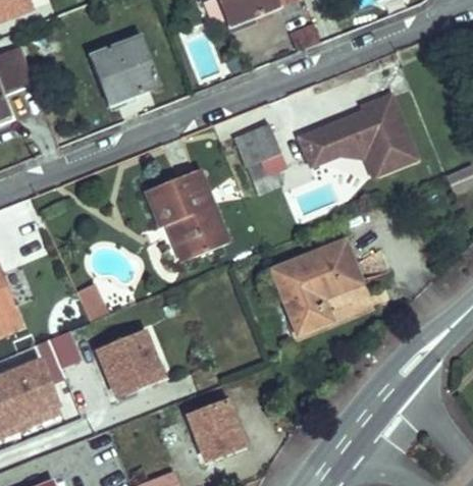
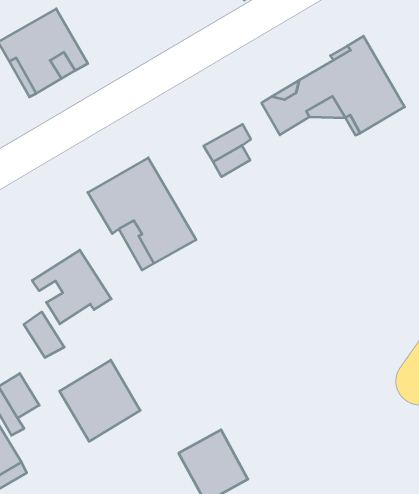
building: [234,123,280,166] -> none
building: none -> [32,250,111,324]
building: [272,240,360,331] -> none

